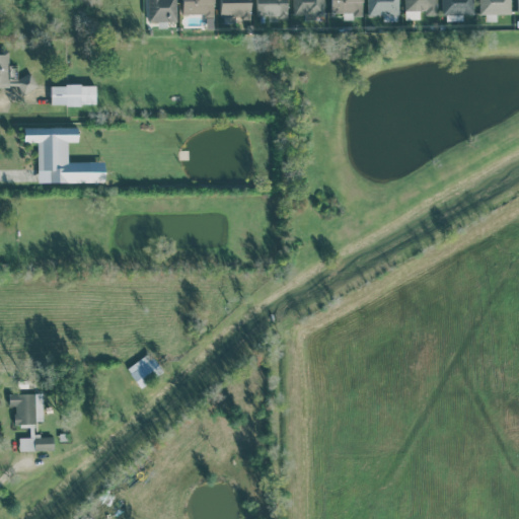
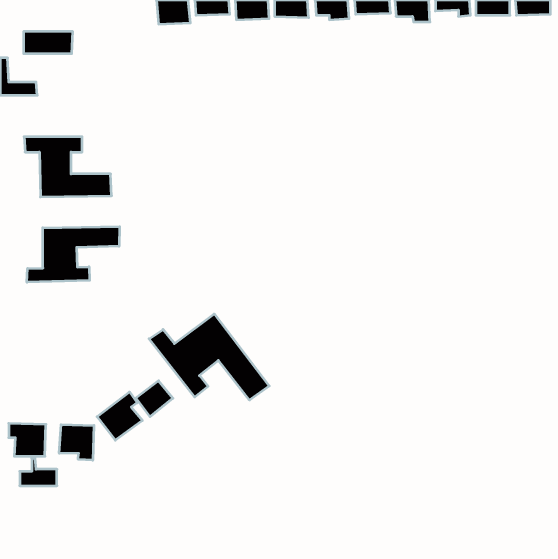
building: [51,84,96,104] -> [24,32,73,54]
building: none -> [27,227,120,282]
building: none -> [149,314,269,400]
building: none -> [97,392,142,440]
building: none -> [59,425,94,460]

